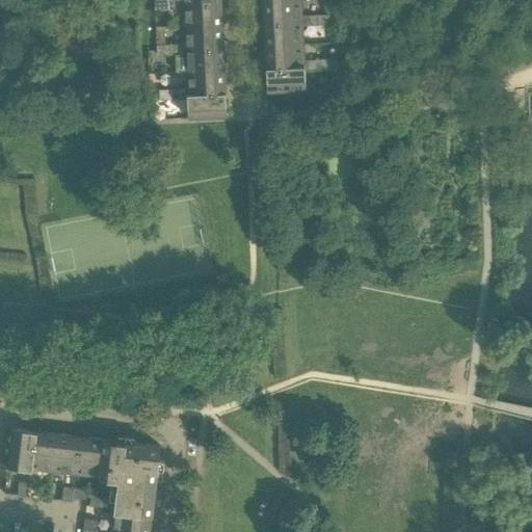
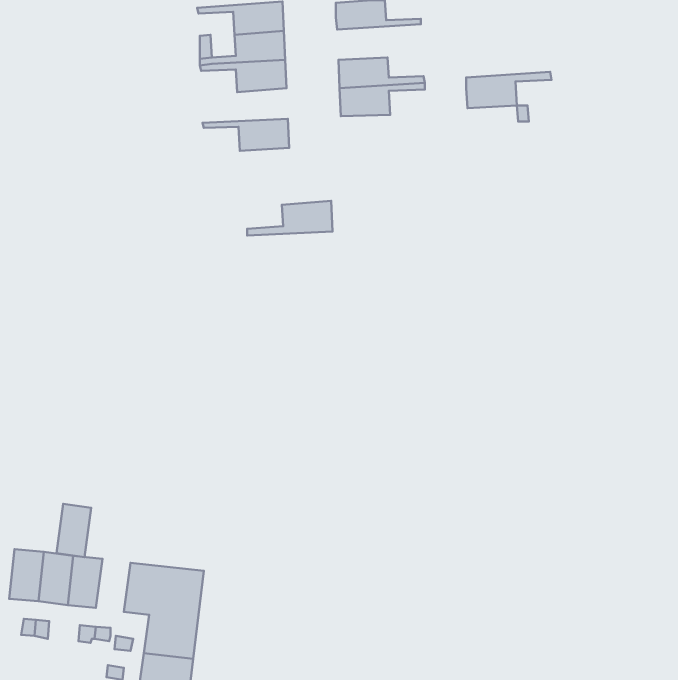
building: [265,20,331,48] -> [466,72,551,108]
building: [160,70,227,97] -> [247,201,332,235]
building: [77,436,104,478] -> [56,504,91,557]

